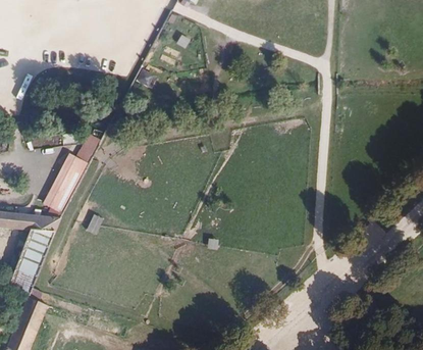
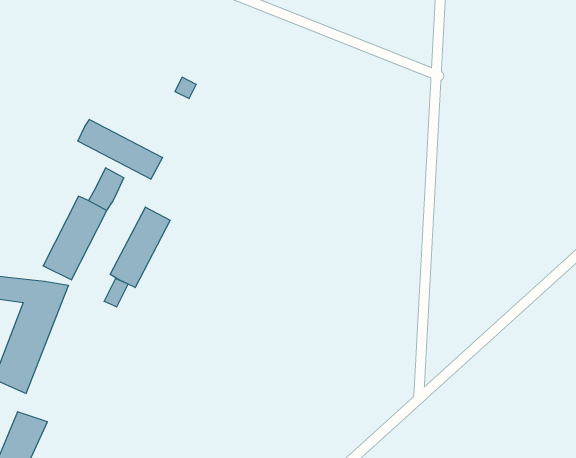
building: none -> [78,119,162,179]
building: none -> [110,207,170,288]

